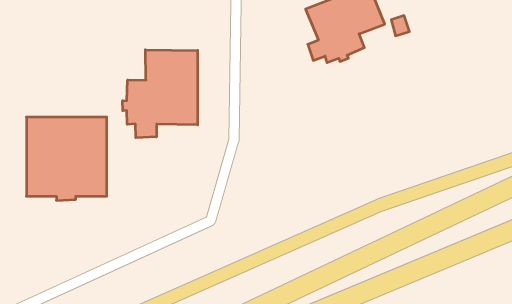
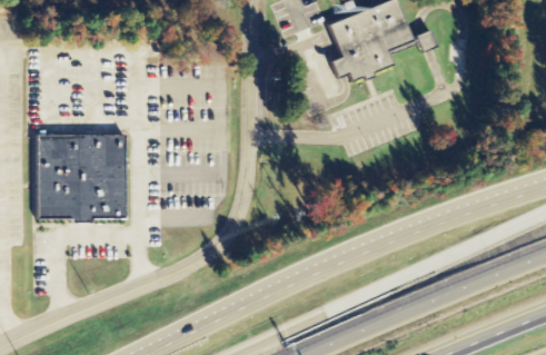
building: [123,50,198,138] -> none

